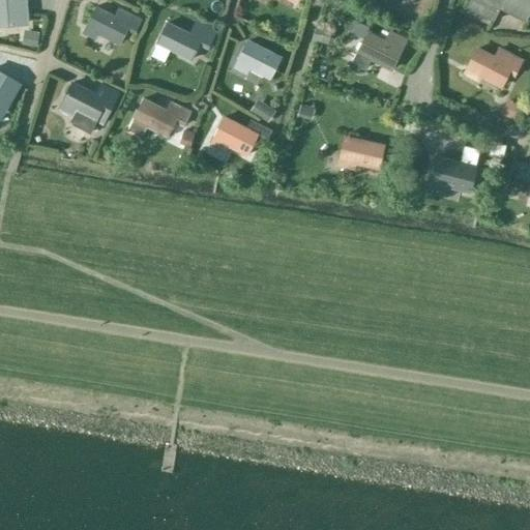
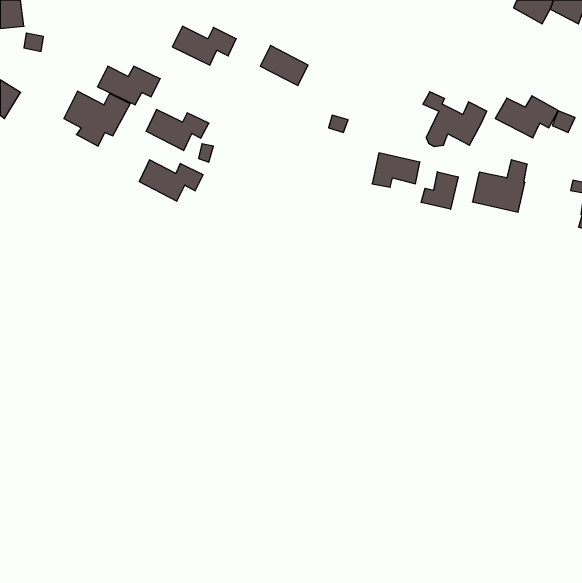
building: [86,7,143,42] -> [97,66,160,105]
building: [349,21,407,70] -> [423,92,487,146]
building: [467,48,524,86] -> [495,96,558,138]
building: [213,117,271,154] -> [139,160,203,201]
building: none -> [421,172,458,209]

